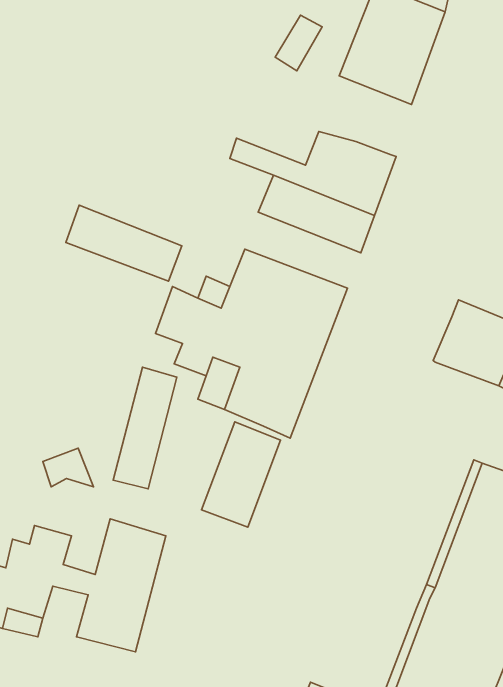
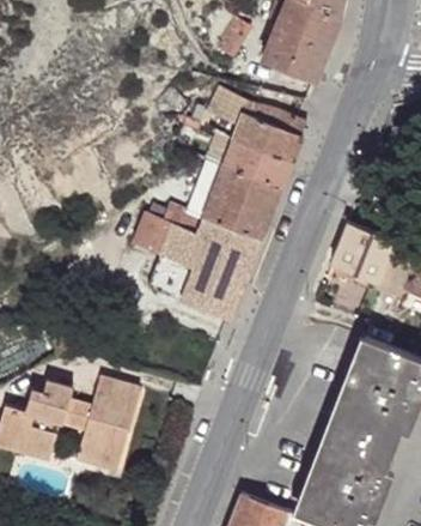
building: [66,205,182,281] -> [197,159,280,213]
building: [113,367,177,489] -> none
building: [201,422,280,527] -> none

